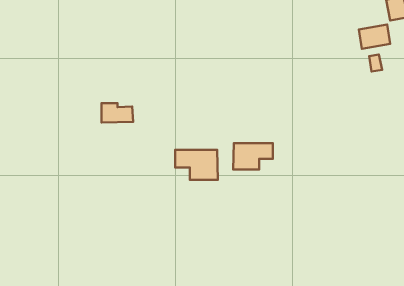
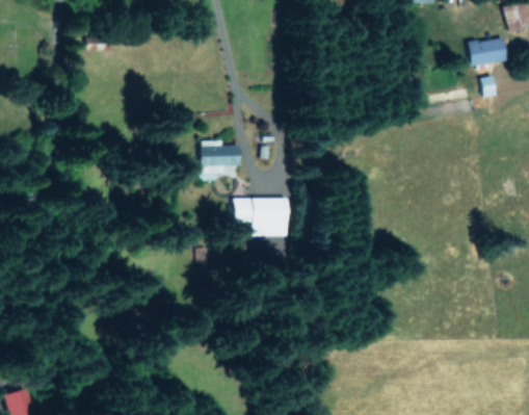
building: [101,103,133,123] -> [202,141,242,166]
building: [233,143,273,169] -> none

